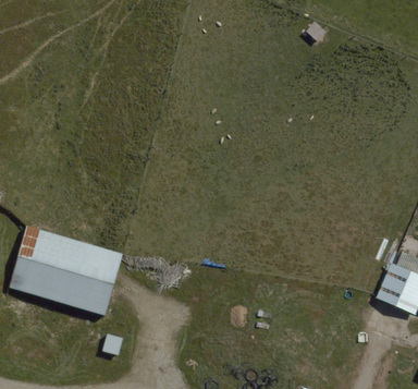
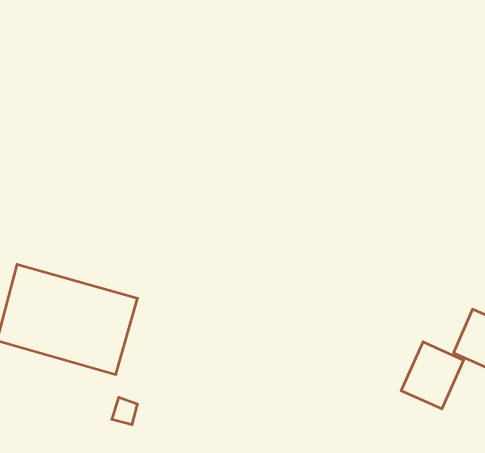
building: none -> [401,342,464,409]

